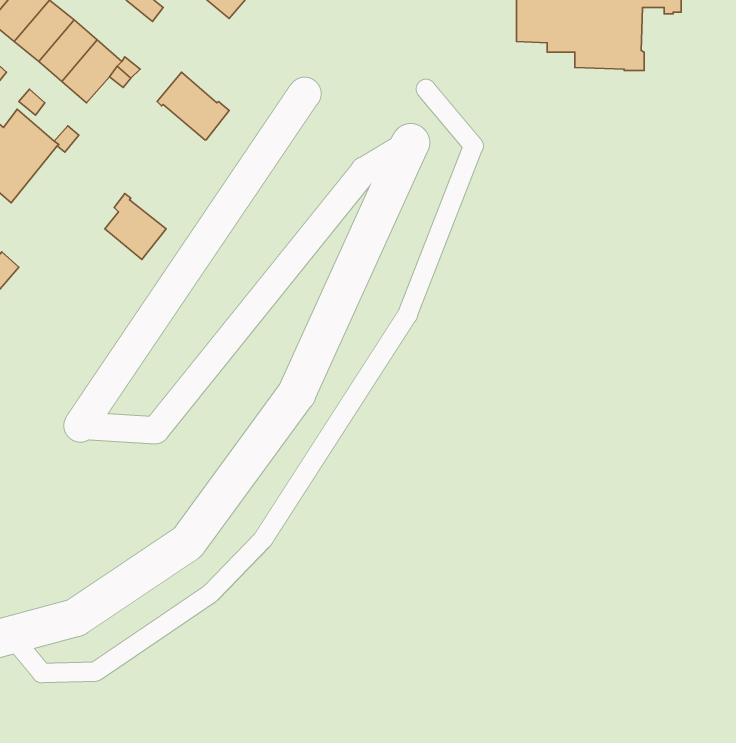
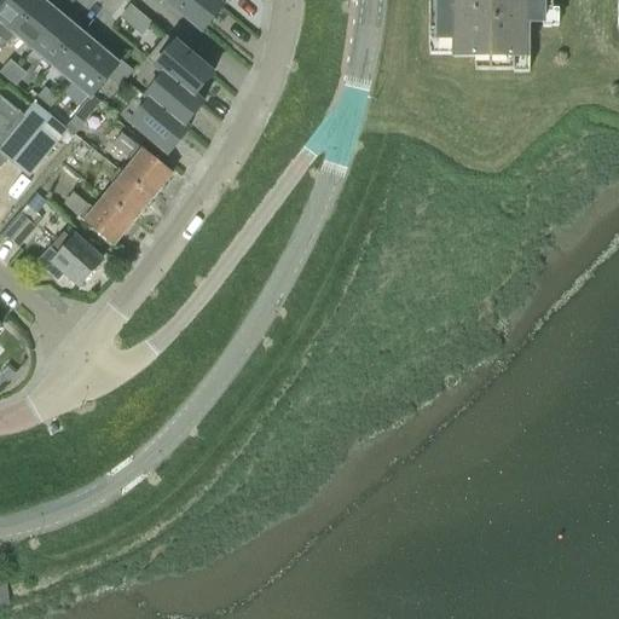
building: none -> [145,34,212,96]
building: none -> [131,97,189,151]
building: none -> [115,133,172,195]
building: none -> [65,191,133,242]
building: none -> [37,228,102,282]

